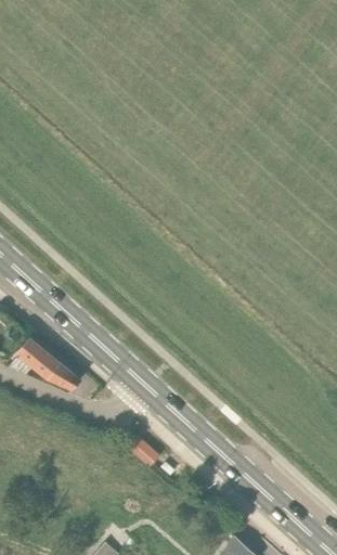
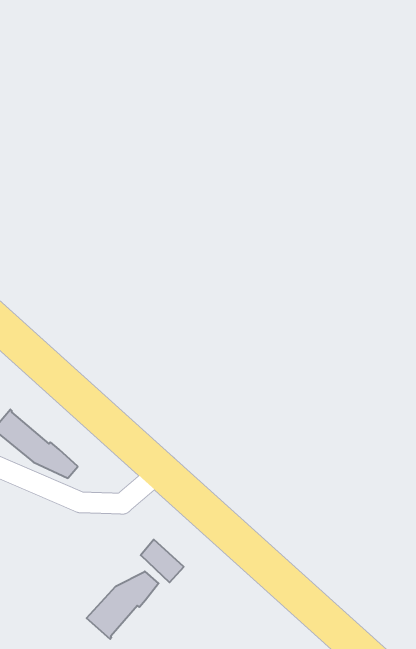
building: none -> [87,571,159,639]

